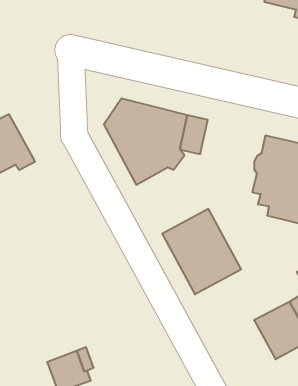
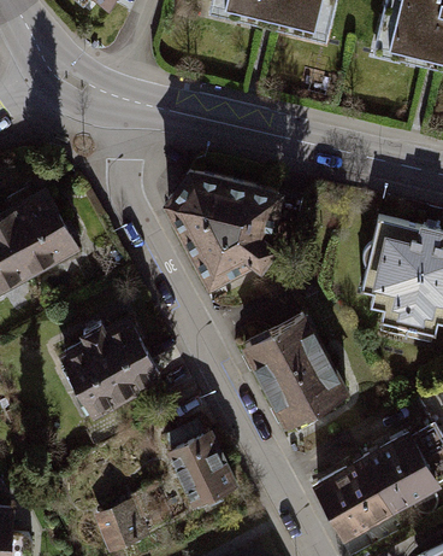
building: none -> [64,317,159,414]
building: none -> [170,417,232,502]
building: none -> [317,458,391,535]

